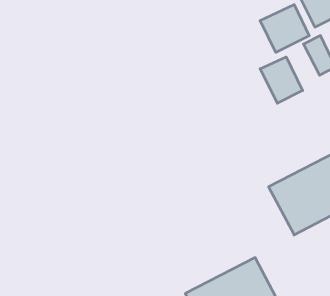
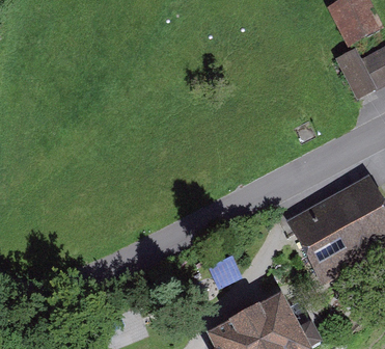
building: [260,5,309,52] -> none
building: [260,57,303,103] -> none

